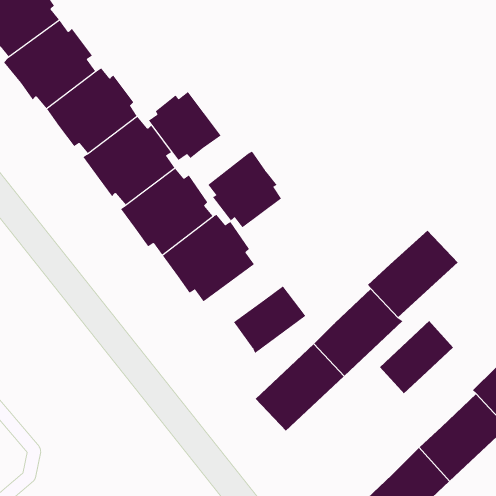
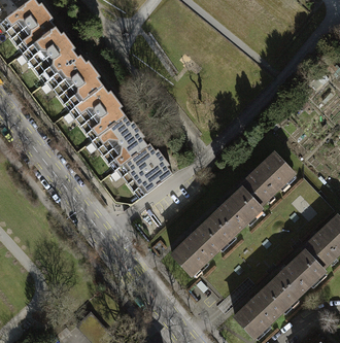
building: [148,91,221,161] -> none
building: [207,151,282,228] -> none
building: [233,285,306,354] -> none
building: [379,320,454,394] -> none

